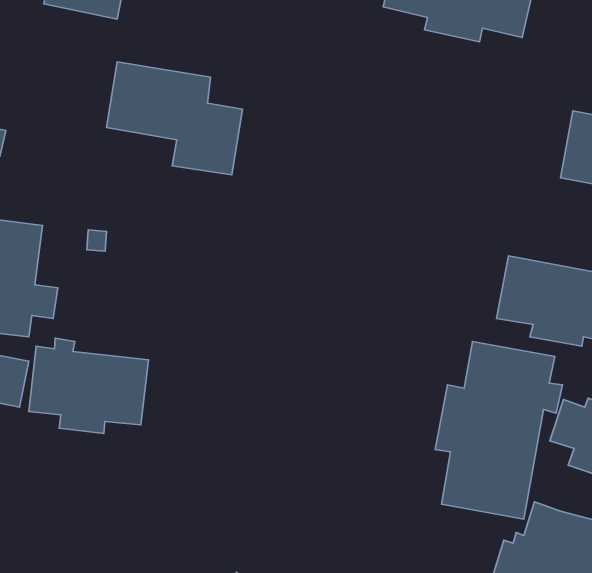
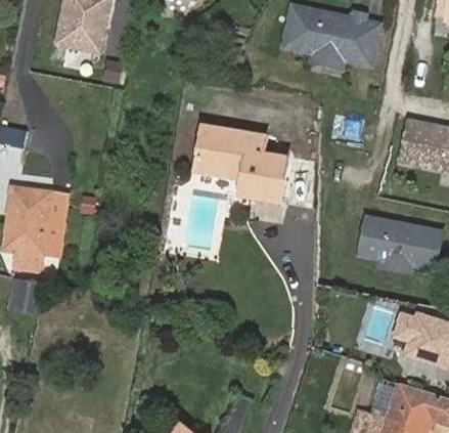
building: [107,62,243,175] -> [196,126,287,202]
building: [29,338,148,433] -> none
building: [435,341,562,519] -> none

